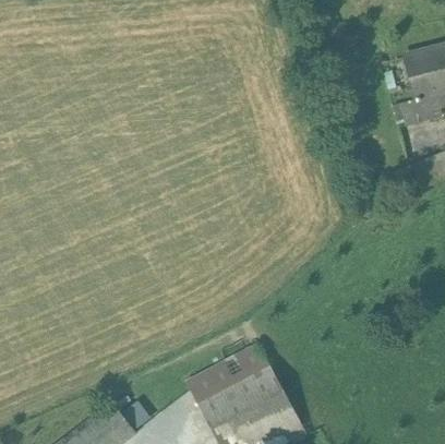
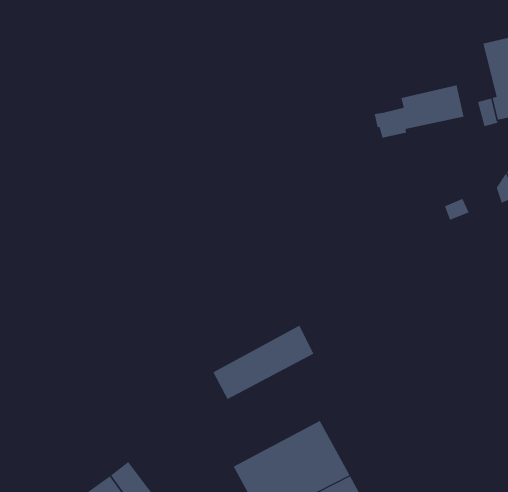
building: none -> [374,84,464,139]
building: [185,341,269,404] -> [213,325,314,400]

